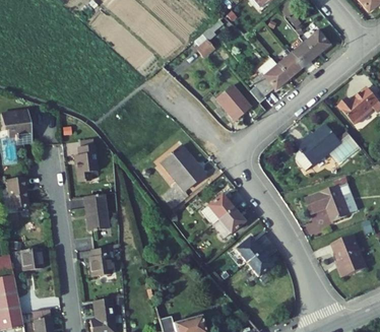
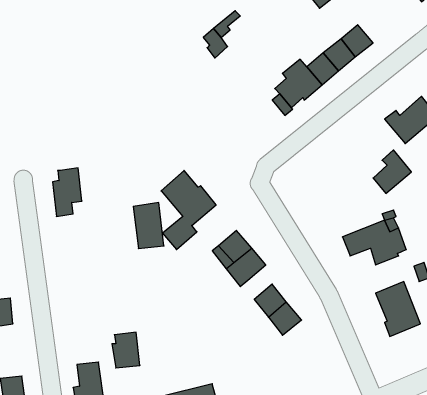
building: [215,85,250,120] -> none
building: [296,125,340,172] -> none
building: [84,194,109,230] -> [133,203,164,249]
building: [88,248,111,276] -> [112,332,140,368]

